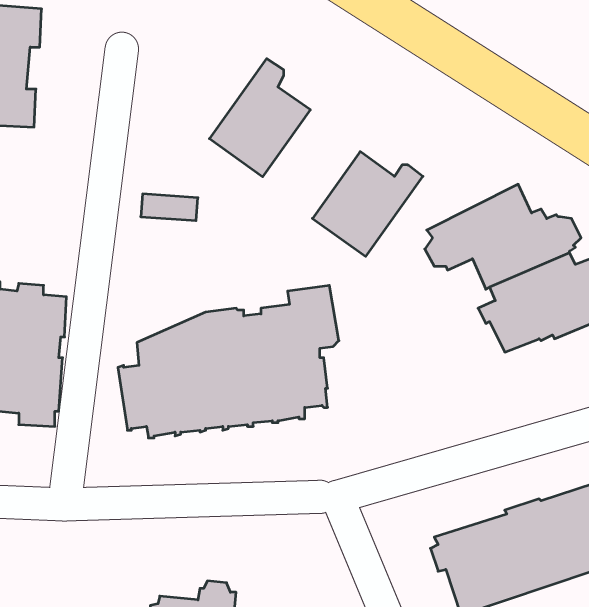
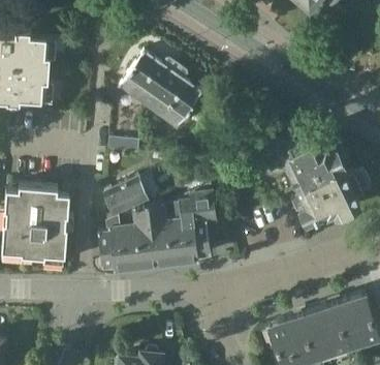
building: [312,152,423,256] -> [118,53,178,110]
building: none -> [104,178,159,216]

